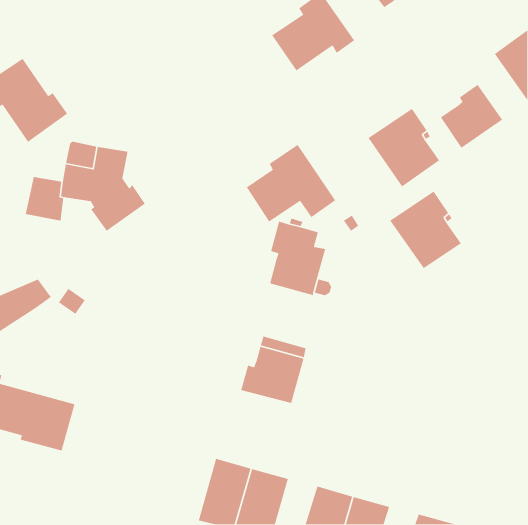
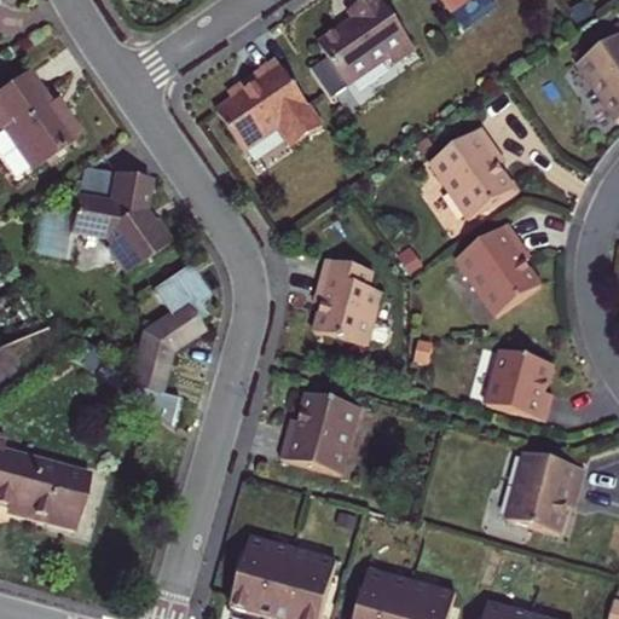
building: [440,84,503,149] -> none
building: [246,144,336,222] -> [216,58,322,150]
building: none -> [125,261,209,427]
building: none -> [486,348,553,420]
building: none -> [508,451,585,531]

